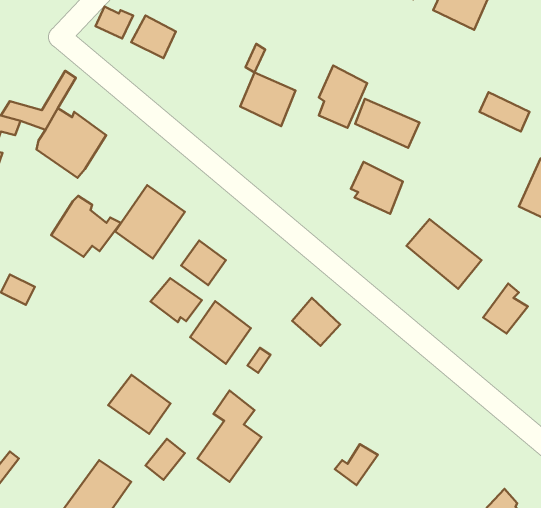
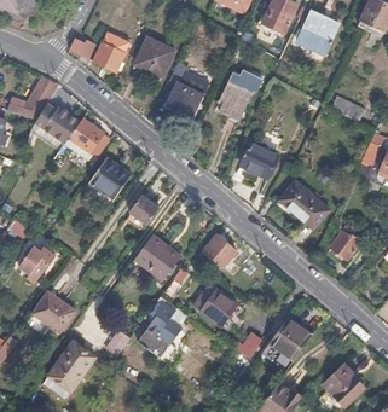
building: none -> [135,37,175,77]
building: [355,99,419,148] -> none
building: [51,196,121,257] -> [63,120,110,161]
building: [150,278,202,322] -> none
building: none -> [19,245,57,275]
building: none -> [192,284,237,326]
building: [108,375,171,434] -> [31,292,74,332]
building: none -> [272,314,314,361]

